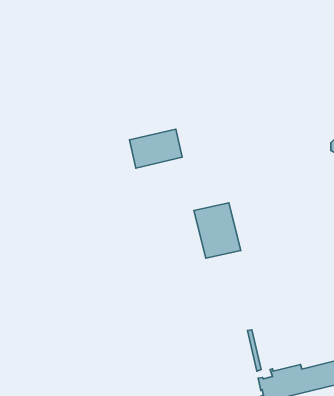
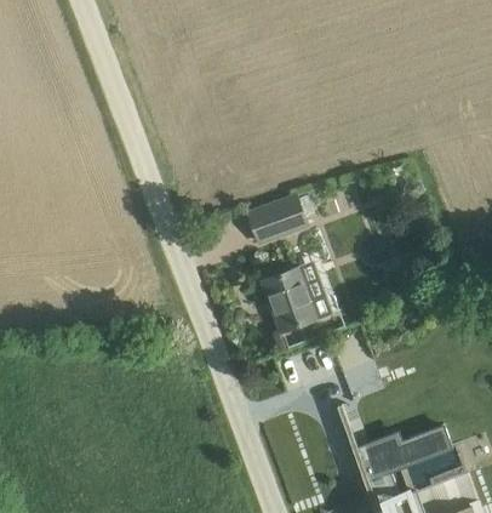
building: [130,129,182,168] -> [247,195,308,244]

